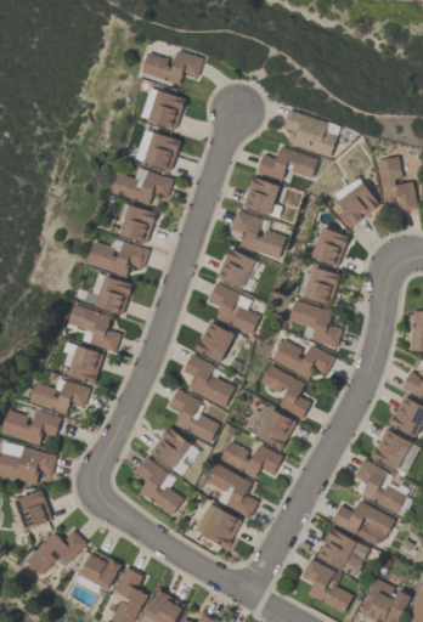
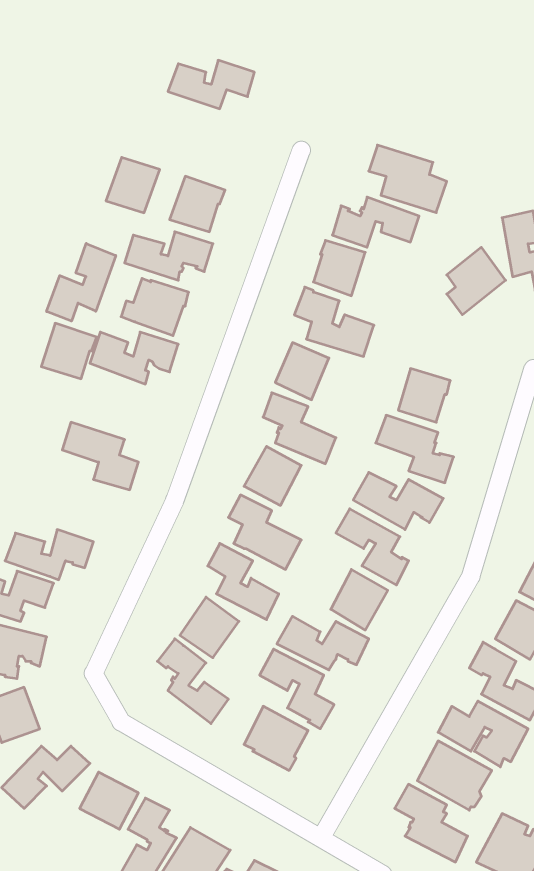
building: [148,90,186,129] -> [106,157,160,213]
building: none -> [47,243,116,321]
building: [311,226,349,266] -> none
building: [95,275,134,313] -> [41,323,97,379]
building: [68,345,105,384] -> none

